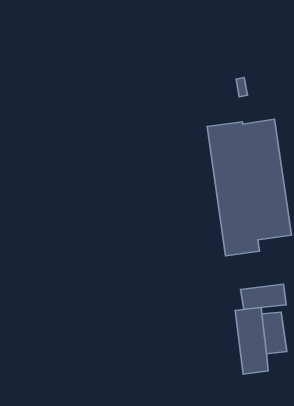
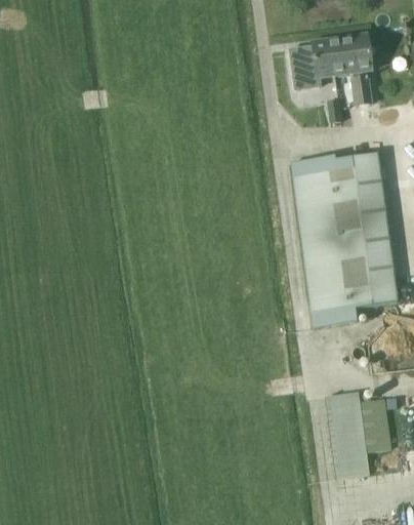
building: none -> [289,34,372,105]
building: [241,284,286,309] -> none

